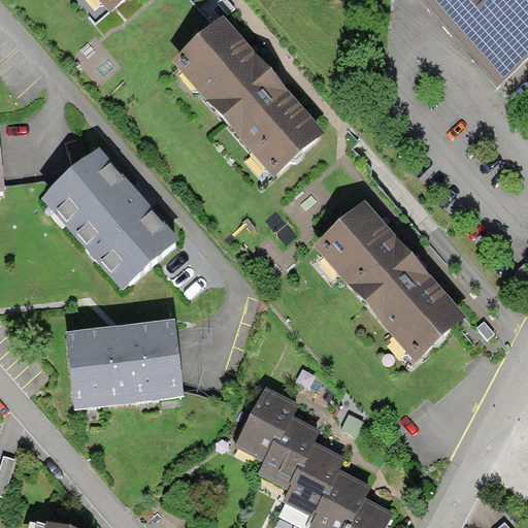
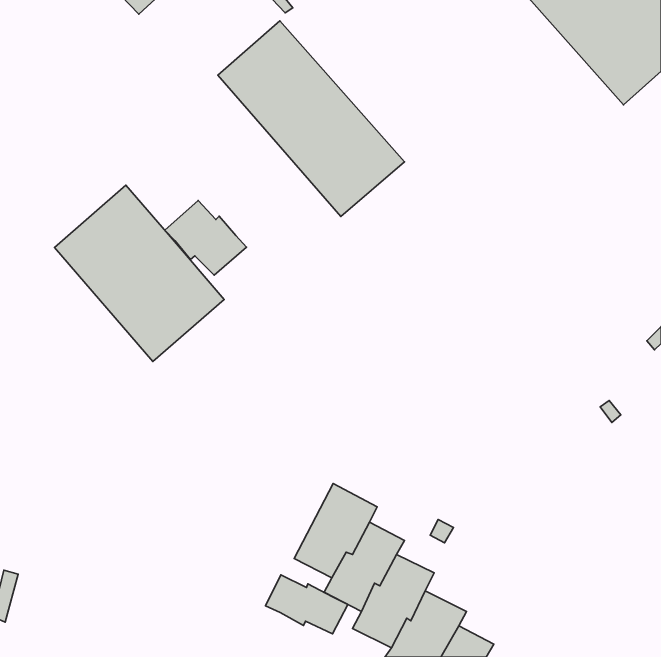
building: none -> [165,201,246,275]
building: [311,198,464,360] -> none
building: [68,320,179,404] -> none
building: none -> [266,575,348,634]

